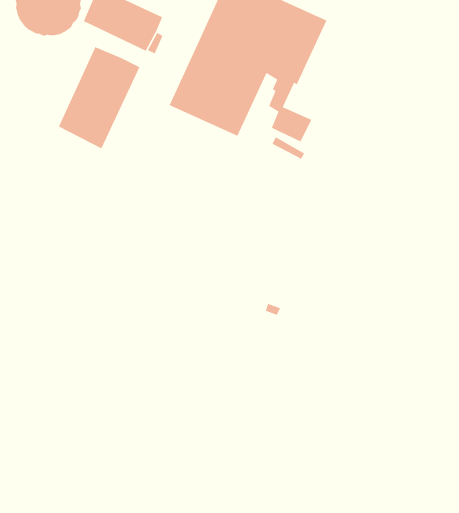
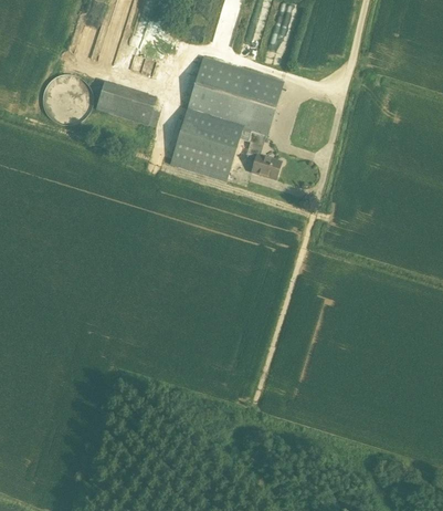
building: [58,46,140,149] -> none

